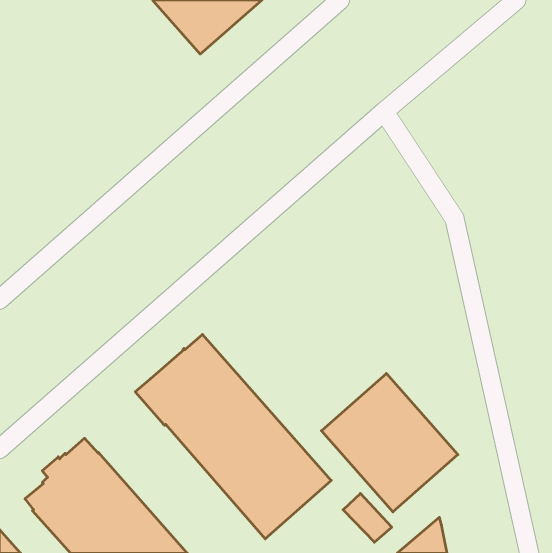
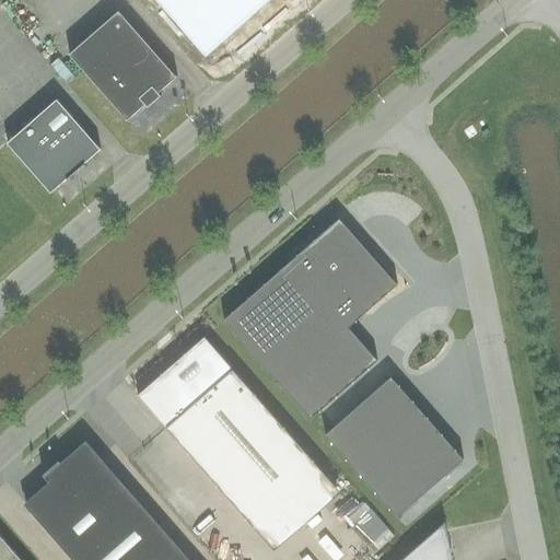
building: none -> [69,12,177,121]
building: none -> [7,101,101,194]
building: none -> [224,220,397,419]

